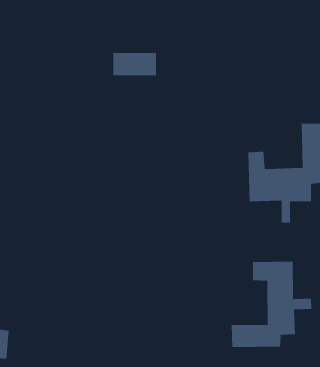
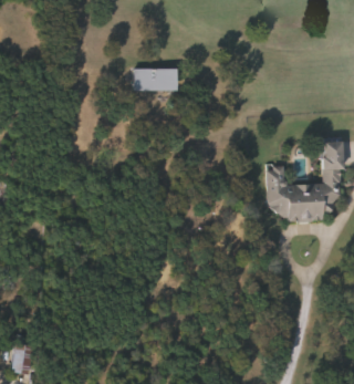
building: [231,261,312,348] -> none

